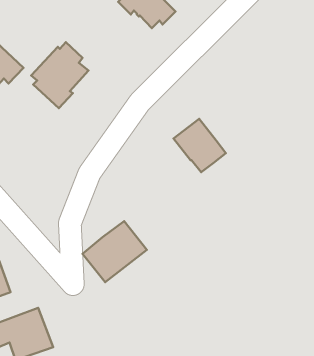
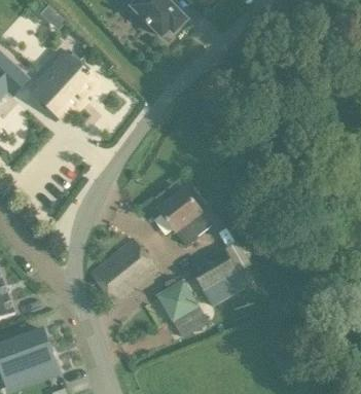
building: [174,119,226,172] -> [156,187,211,243]
building: none -> [189,247,245,303]
building: none -> [158,280,207,335]

